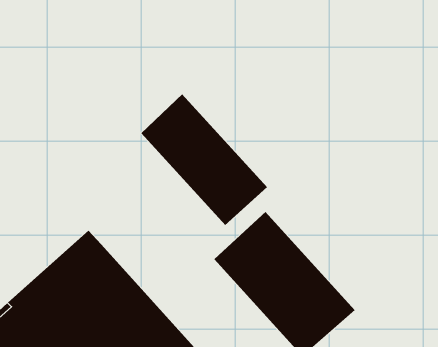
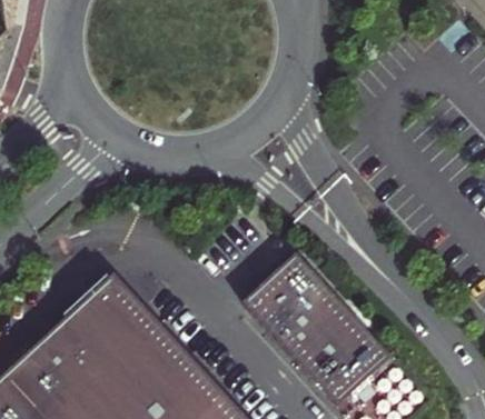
building: [140,93,268,226] -> none

